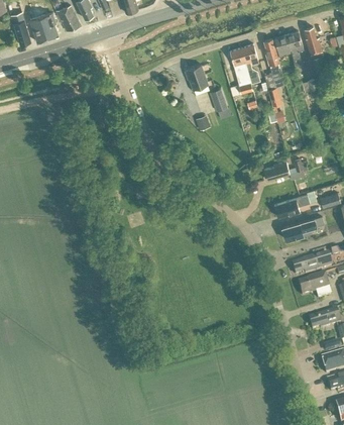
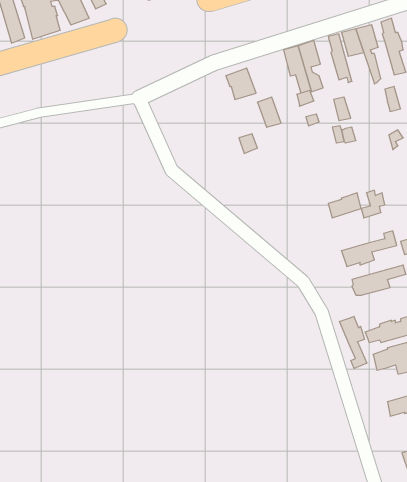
building: none -> [340,316,367,368]

